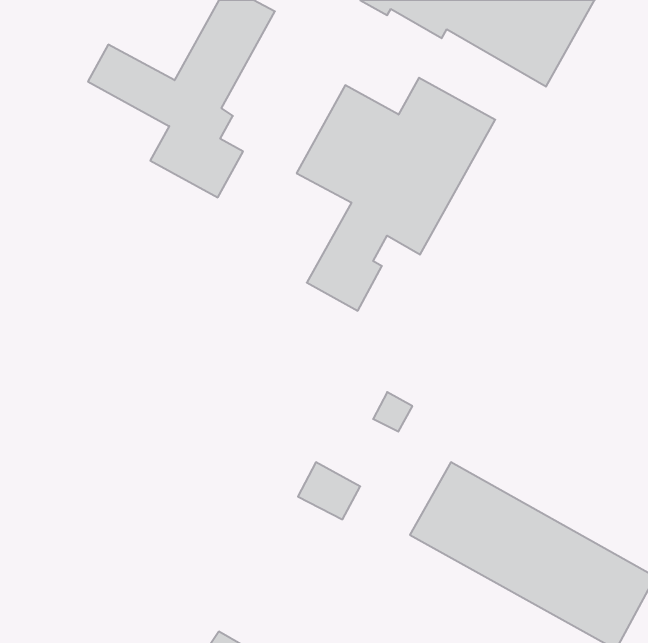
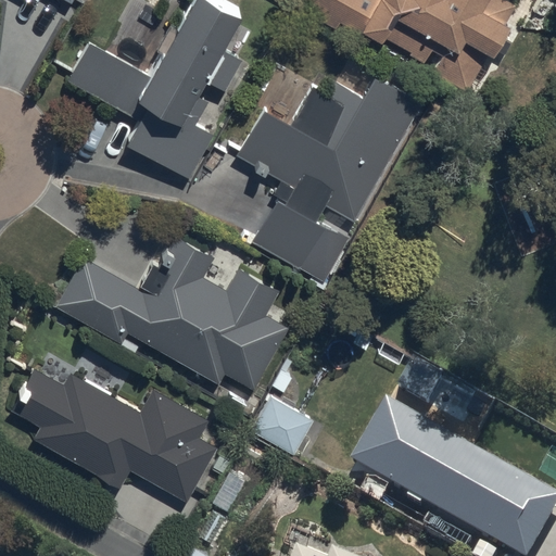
building: none -> [62,238,281,380]
building: none -> [22,372,208,496]

